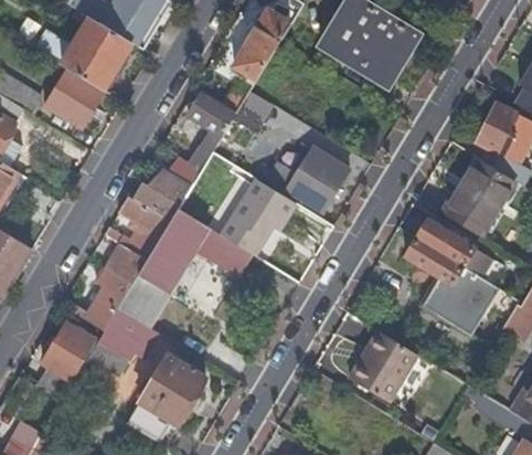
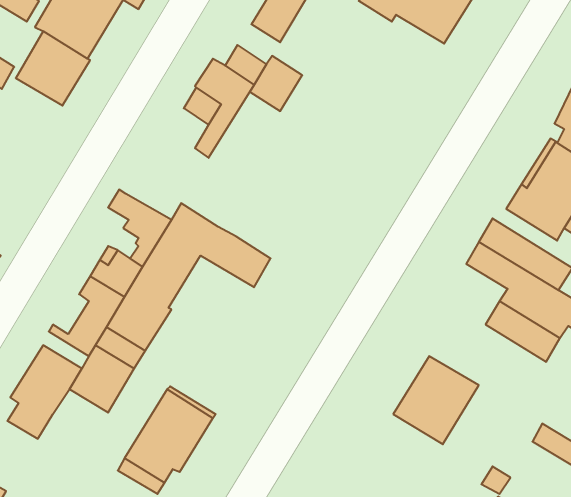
building: [268,148,349,212] -> none
building: [134,170,190,221] -> none
building: [222,178,296,261] -> none

